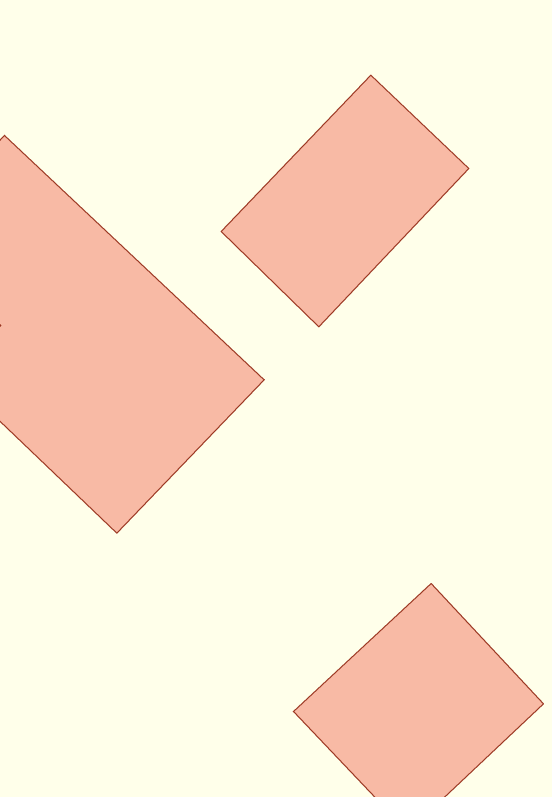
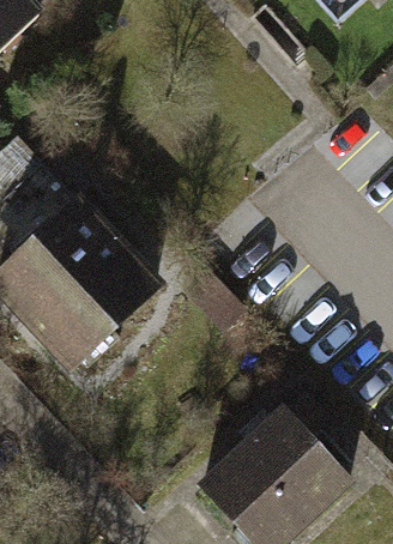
building: [221,75,469,327] -> none

